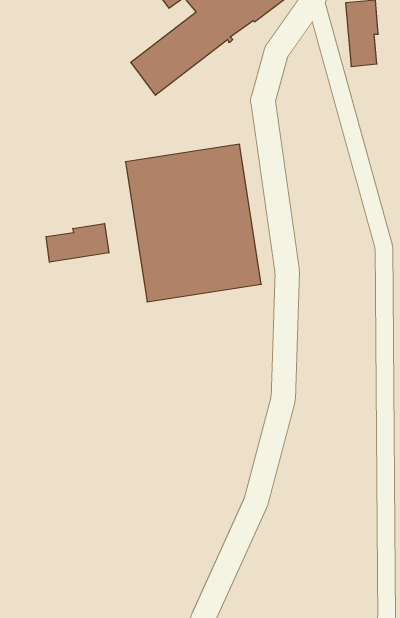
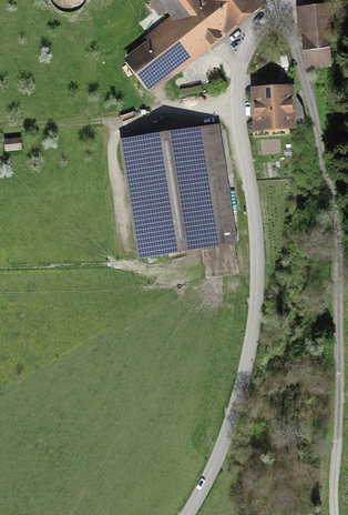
building: none -> [256,74,304,127]
building: [46,223,109,262] -> none

